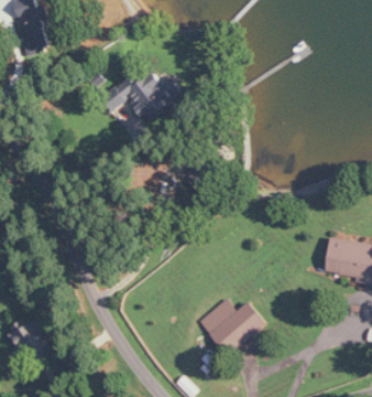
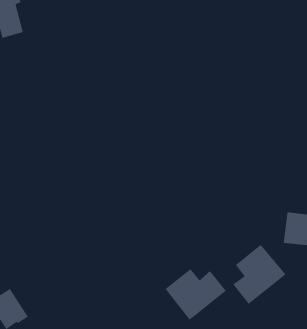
building: [98,68,178,121] -> none
building: none -> [232,244,286,305]

